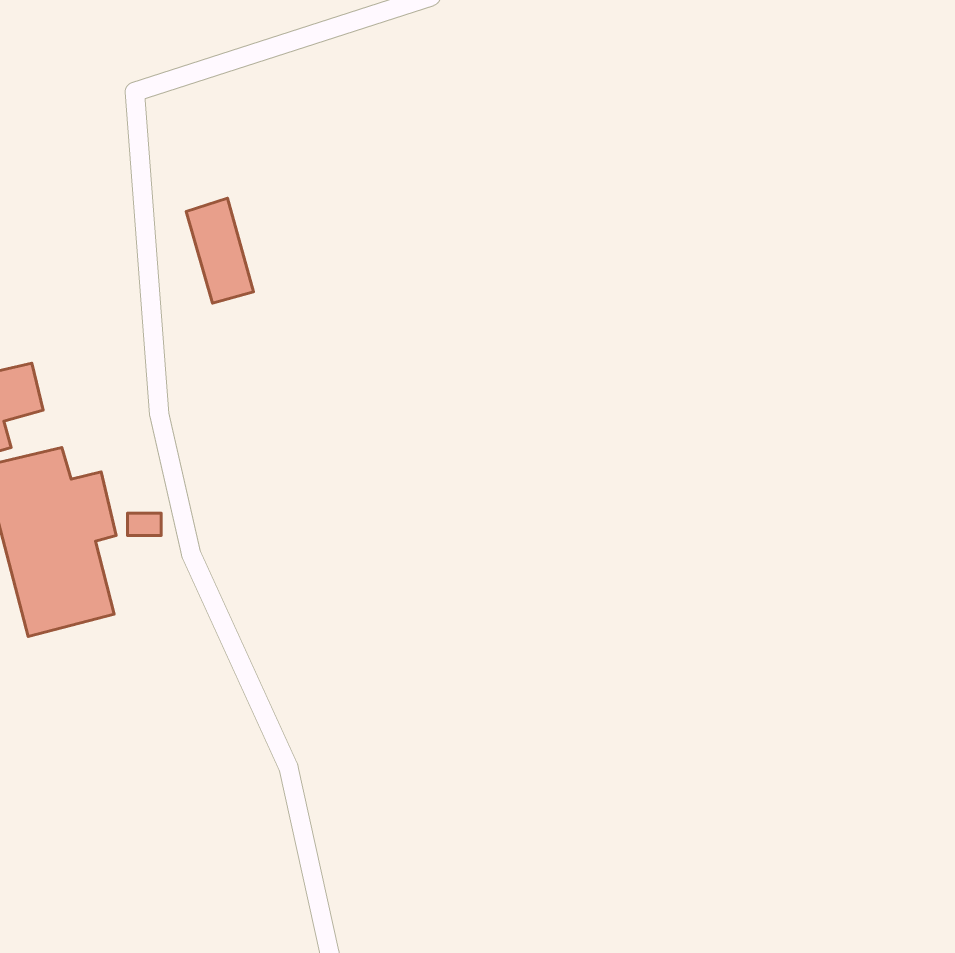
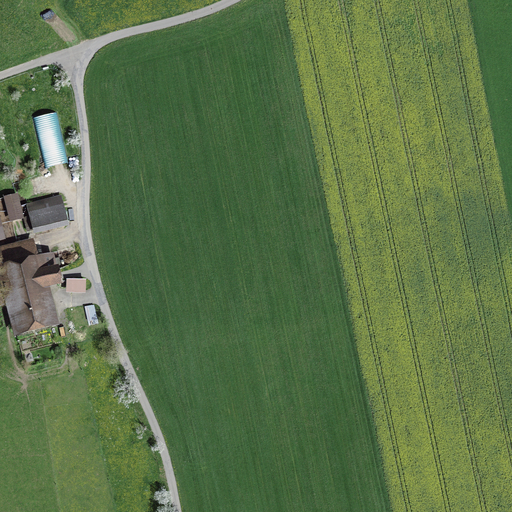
building: [186,198,254,303] -> [31,107,67,163]
building: none -> [28,195,68,228]

